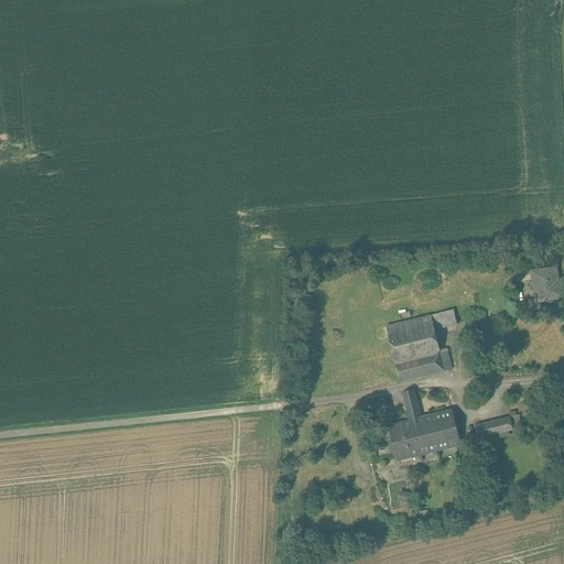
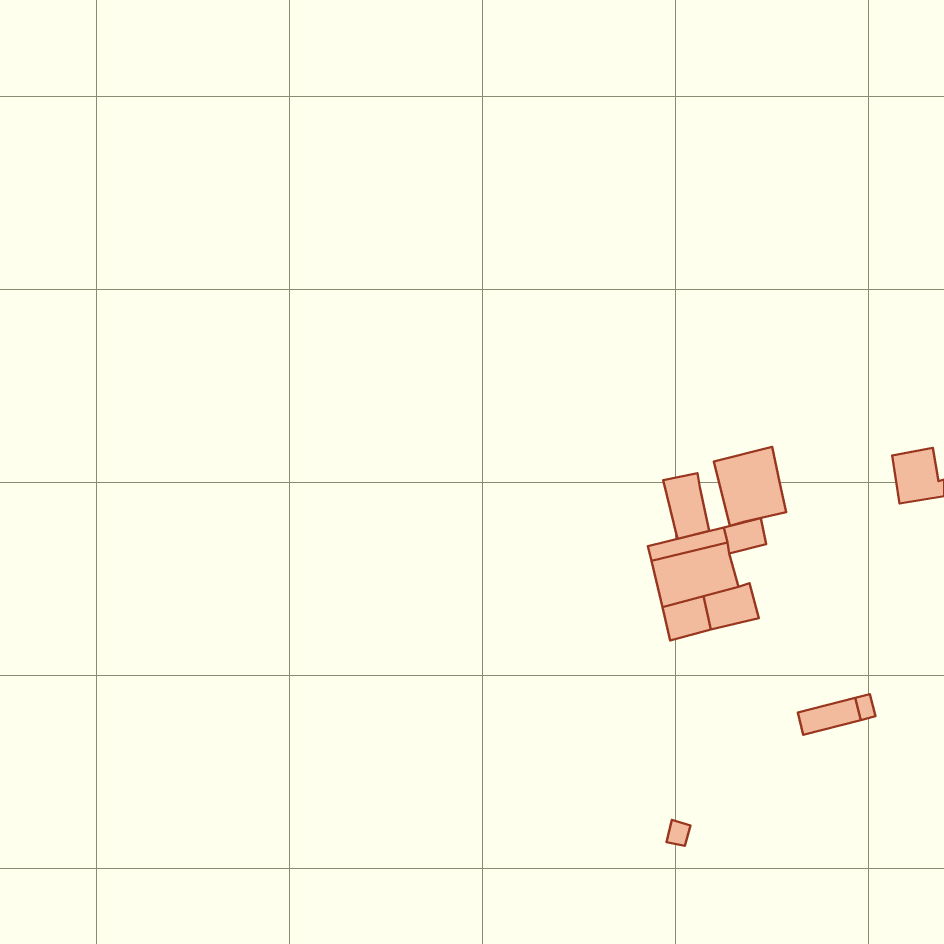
building: none -> [714,447,786,526]
building: none -> [663,473,709,539]
building: [390,389,458,457] -> none

